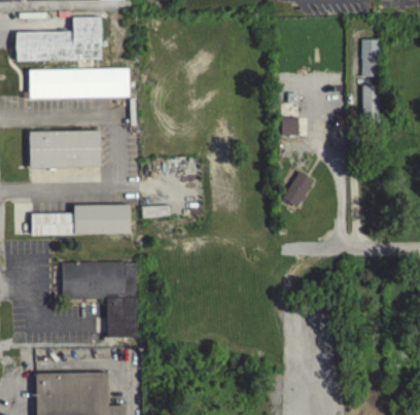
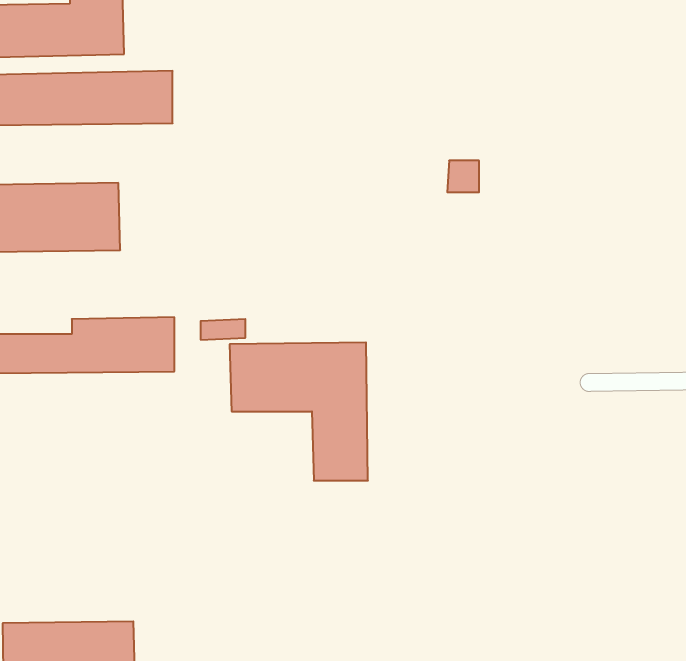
building: [361,39,379,76] -> none
building: [362,84,382,122] -> none
building: [284,171,313,207] -> none
building: [62,261,138,337] -> [230,342,368,481]

